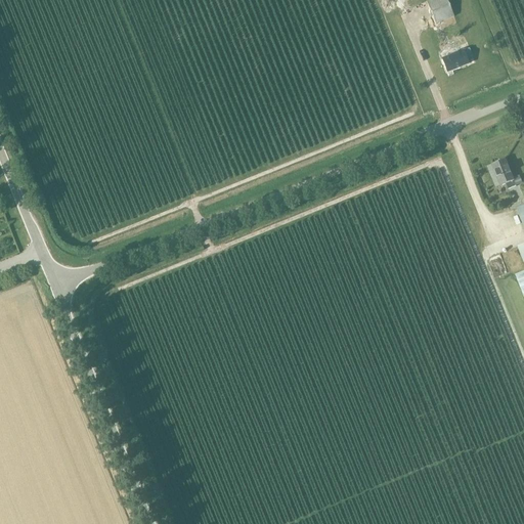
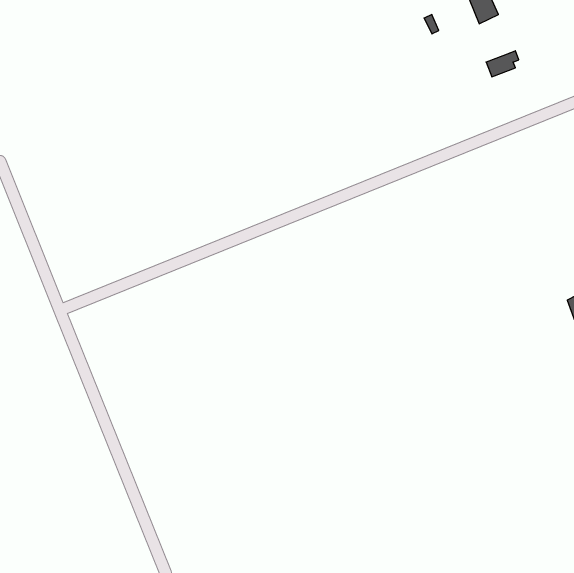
building: [493,157,517,186] -> none

